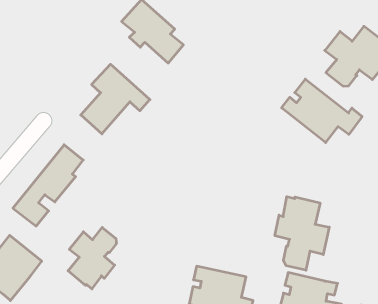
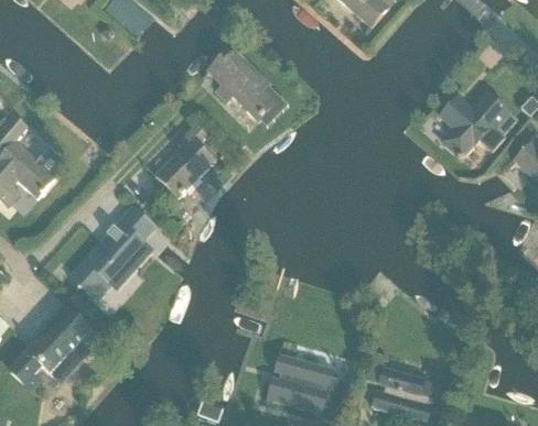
building: [282,79,362,143] -> none
building: [275,197,329,270] -> none
building: [68,227,116,289] -> none

